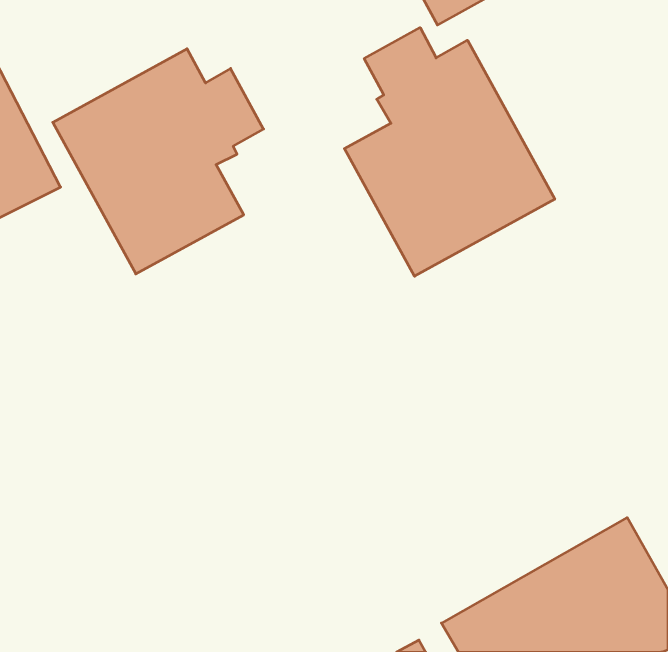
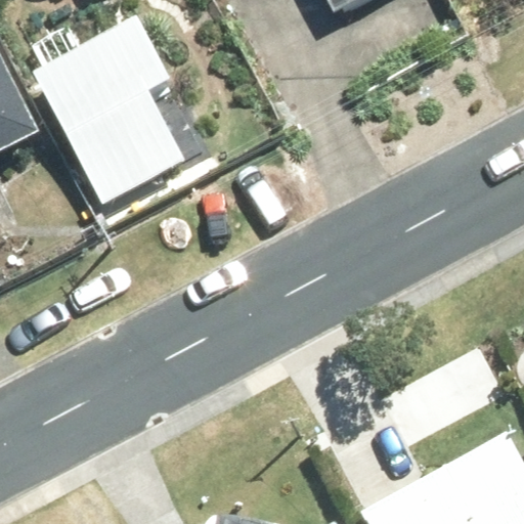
building: [344,28,555,276] -> none

